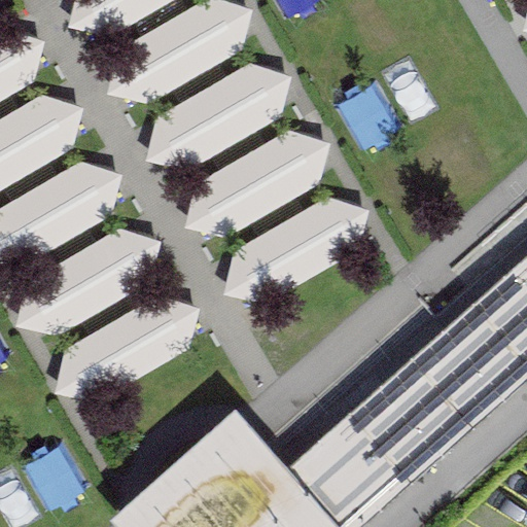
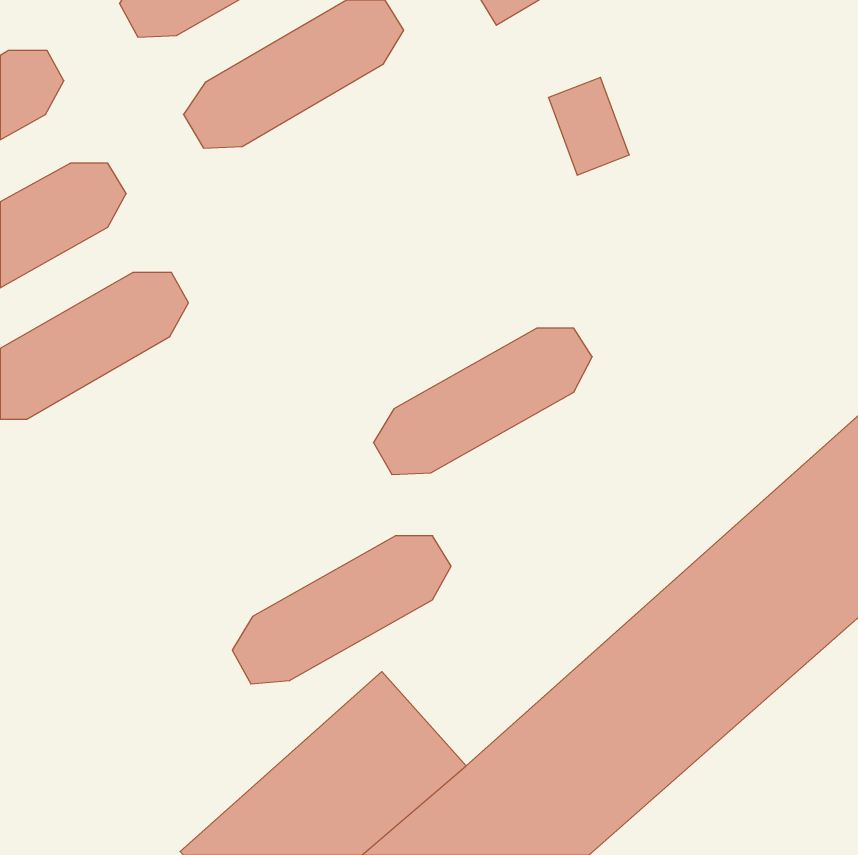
building: [151,69,286,160] -> none
building: [190,134,325,224] -> none
building: [23,233,157,323] -> none
building: [62,300,196,390] -> [232,536,451,684]

